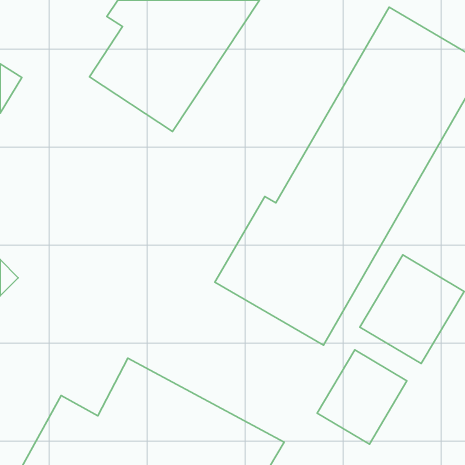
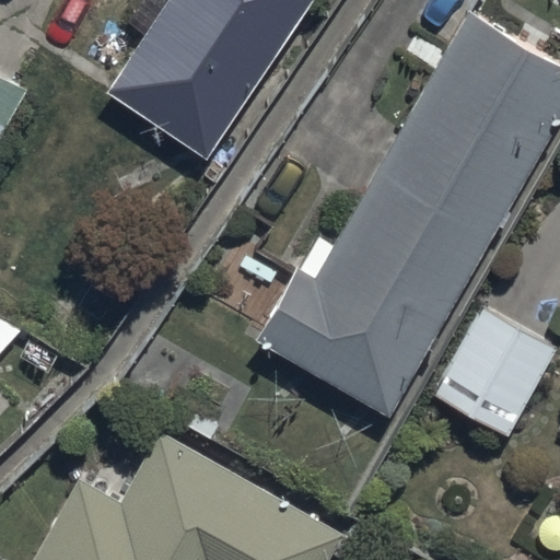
building: [317,350,407,444] -> none

